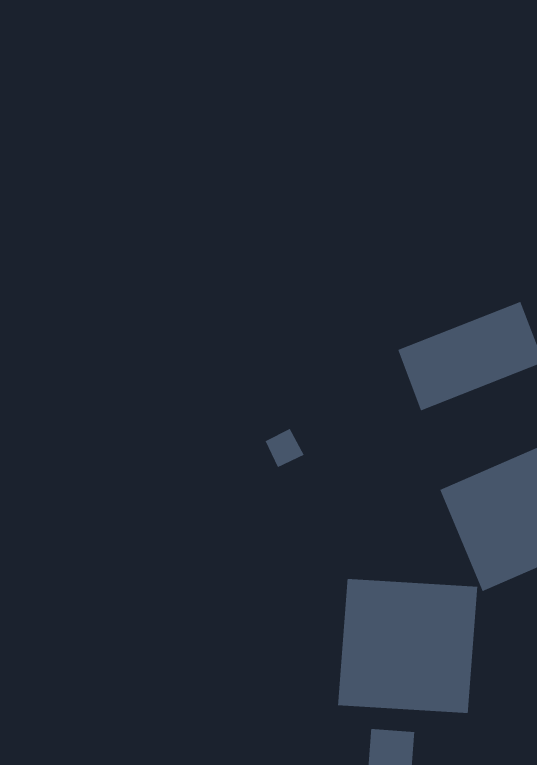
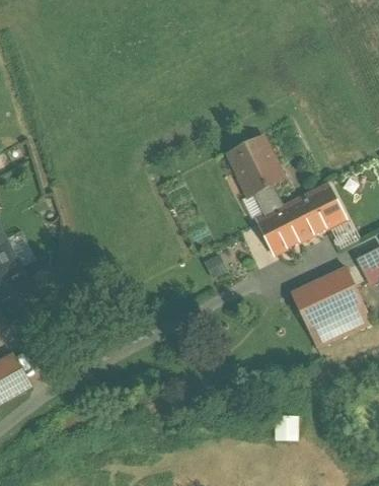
building: none -> [229,133,286,195]
building: [337,578,478,714] -> none

